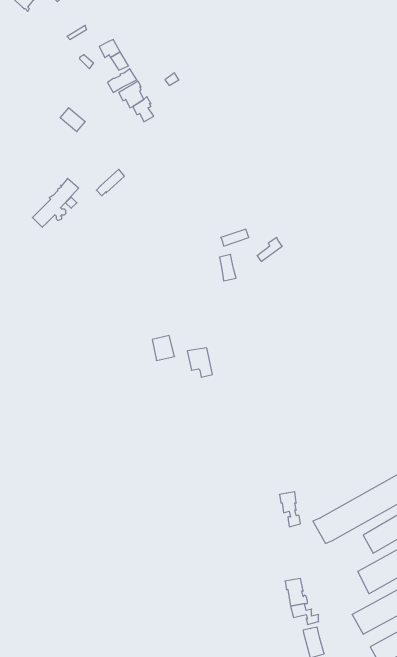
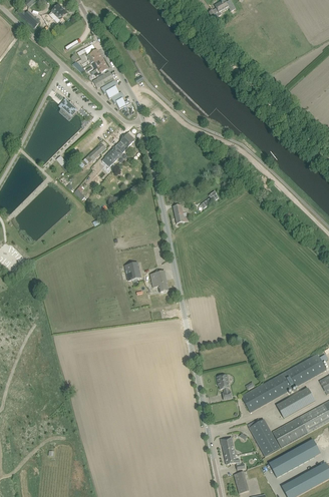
building: [32,178,79,227] -> [102,131,135,166]
building: none -> [249,419,280,456]

